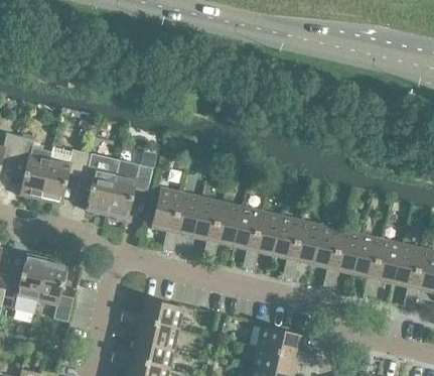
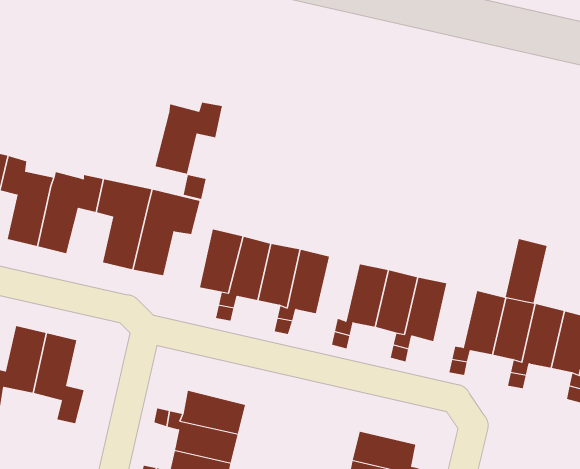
building: none -> [155,102,223,174]
building: [232,206,261,250] -> none
building: [312,224,341,268] -> [505,239,547,303]

